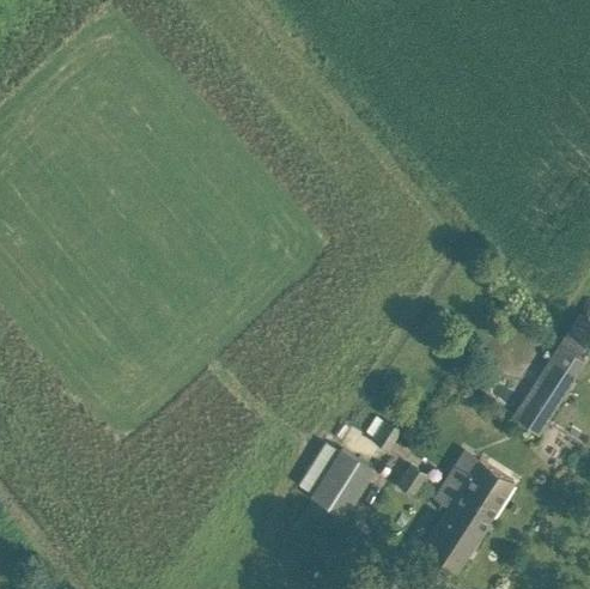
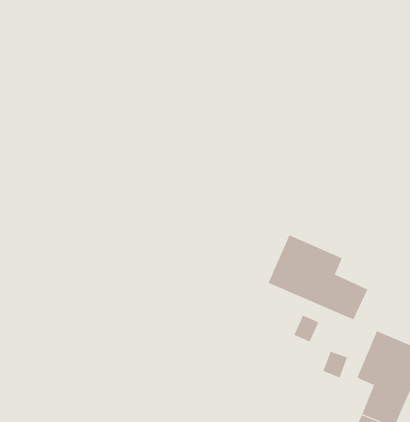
building: none -> [268,234,368,320]
building: [309,449,375,520] -> none

